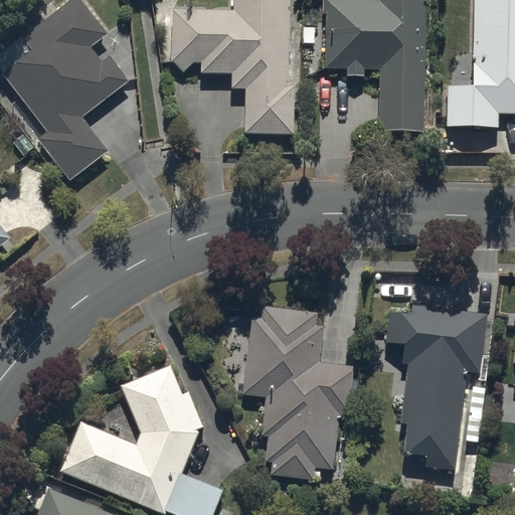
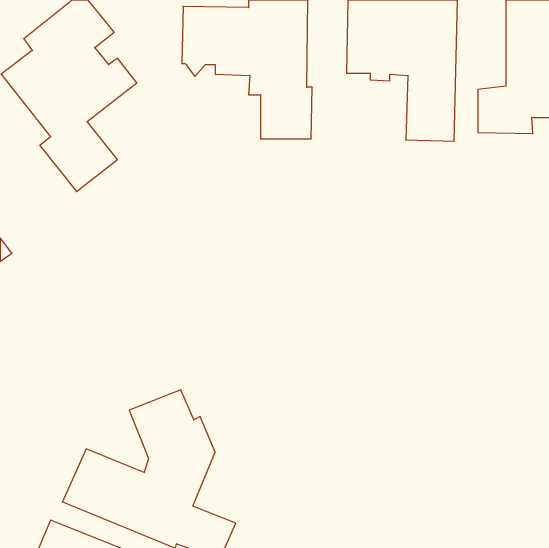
building: [386,305,487,469] -> none
building: [241,306,355,480] -> none

